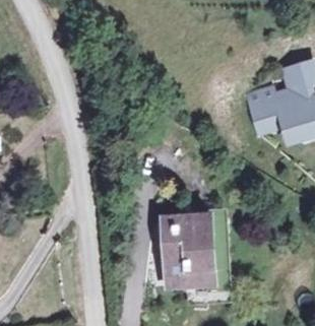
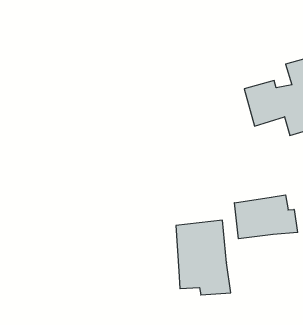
building: none -> [234,195,298,239]

